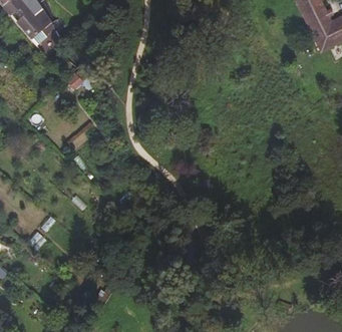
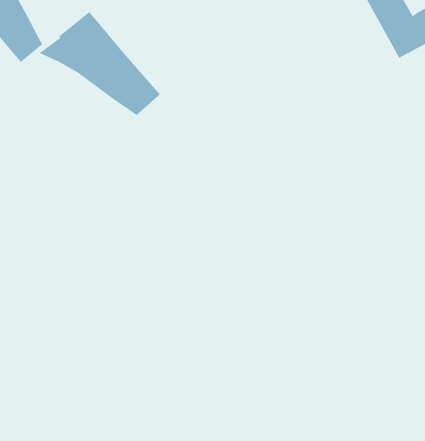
building: none -> [39,11,160,116]

